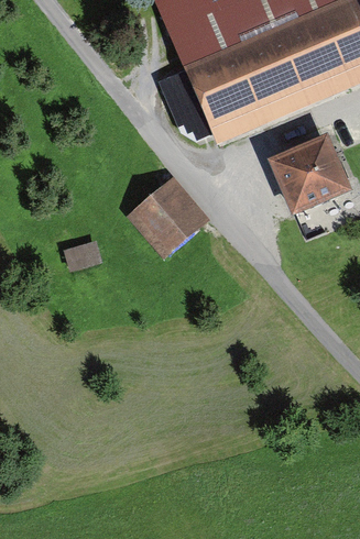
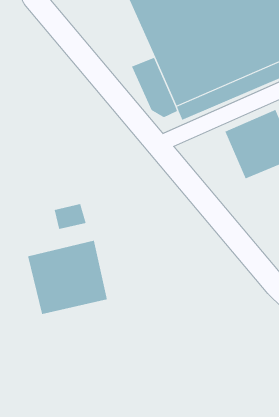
building: [127,175,210,257] -> none
building: none -> [28,240,107,315]

